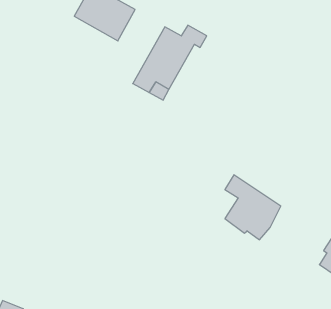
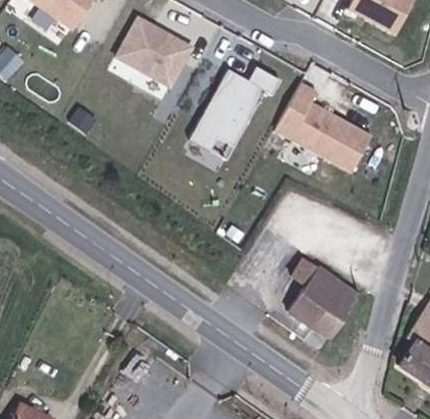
building: none -> [271,82,369,173]

